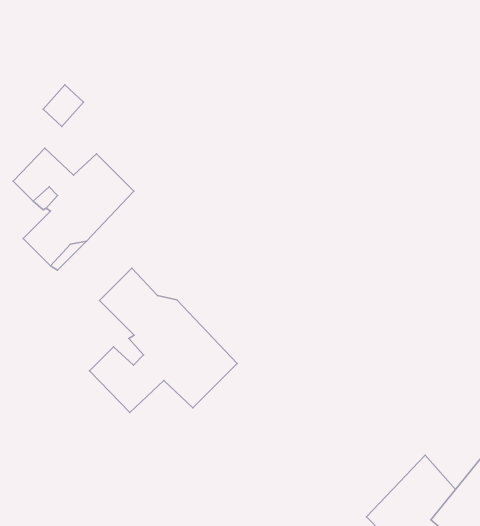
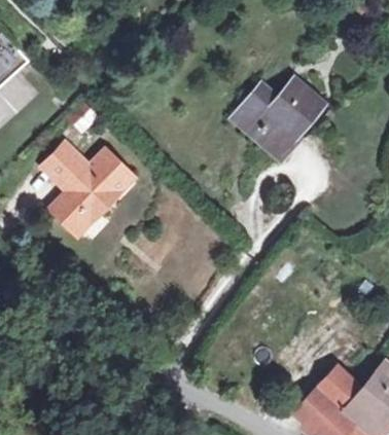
building: none -> [235,81,322,159]
building: [89,268,237,413] -> none

